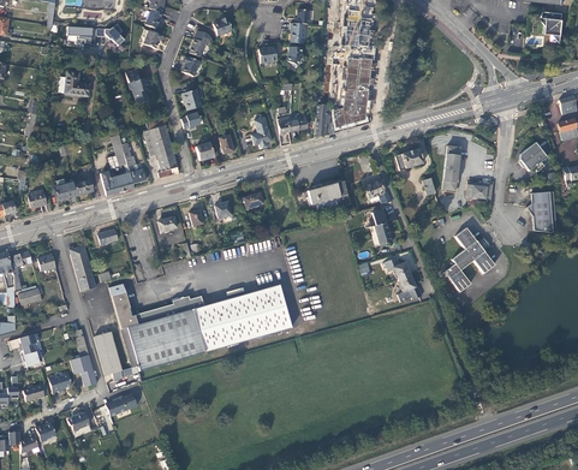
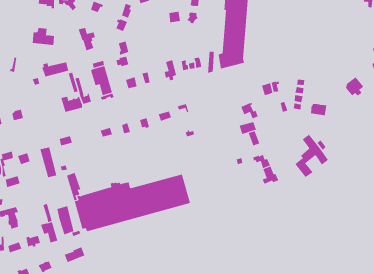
building: [55,177,96,200] -> [41,62,69,77]
building: [306,180,350,210] -> none
building: [526,191,556,232] -> none

